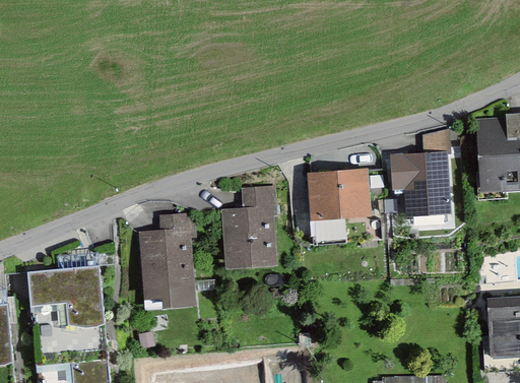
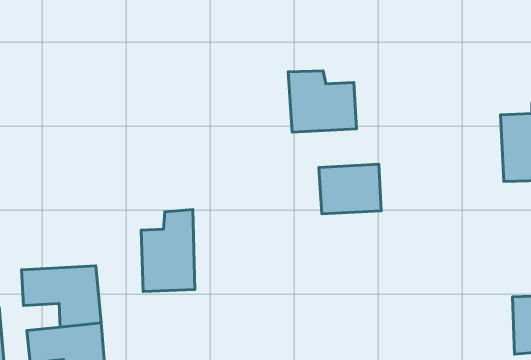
building: none -> [288,71,356,132]
building: [391,131,457,219] -> none
building: [223,190,274,268] -> none

